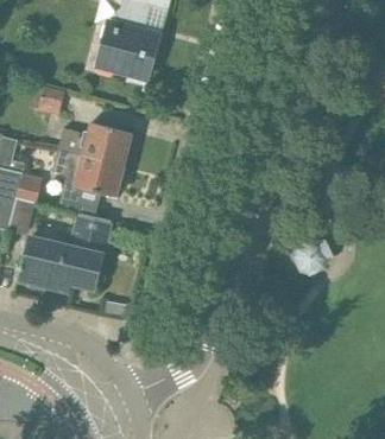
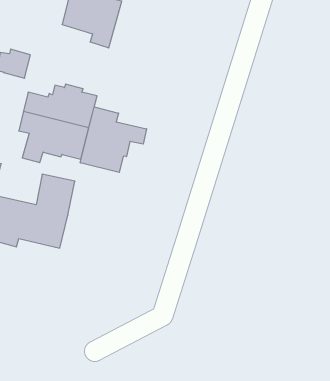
building: none -> [80,107,147,172]
building: [291,236,332,276] -> none

